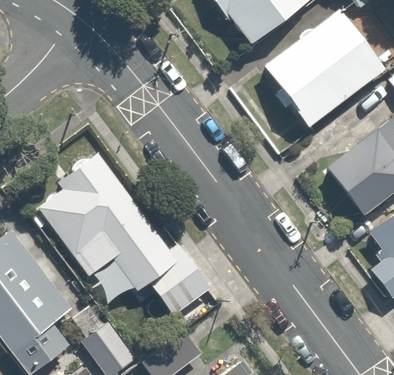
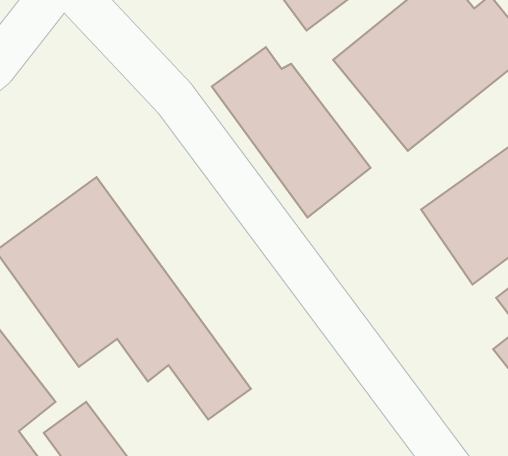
building: none -> [212,47,370,218]

